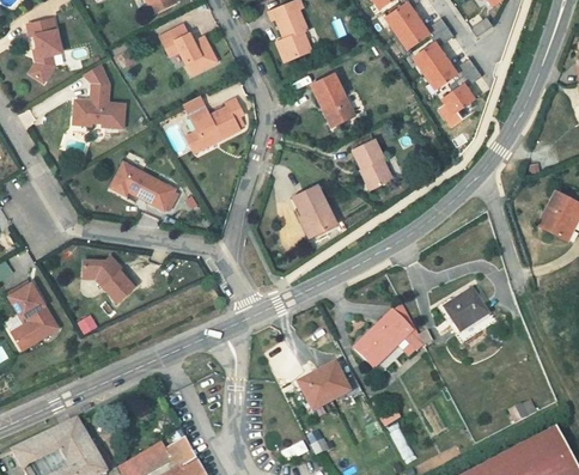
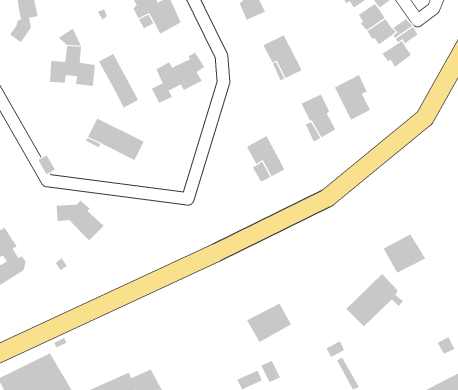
building: none -> [98,53,139,108]
building: none -> [334,74,371,120]
building: [351,311,415,371] -> [345,273,404,327]

